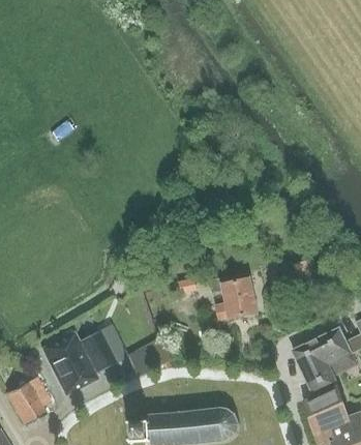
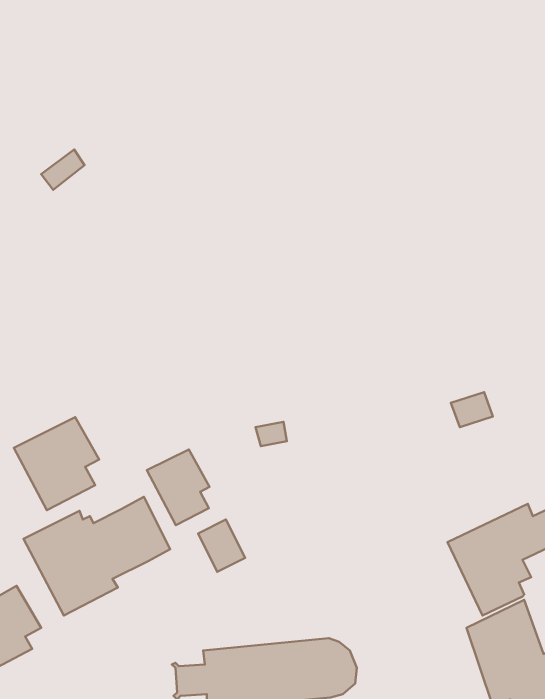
building: [211,276,258,320] -> none
building: none -> [14,417,99,510]
building: none -> [147,450,210,525]

